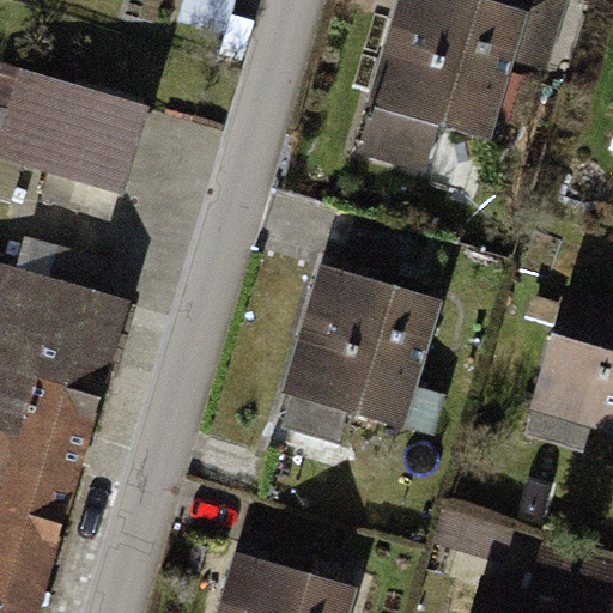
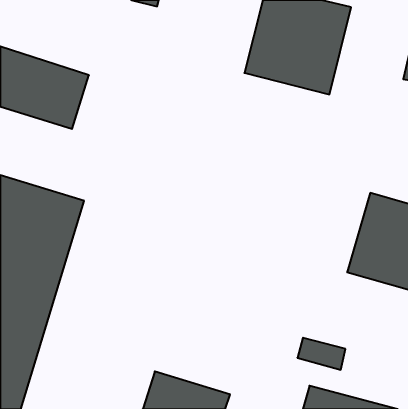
building: [281,265,436,431] -> none

